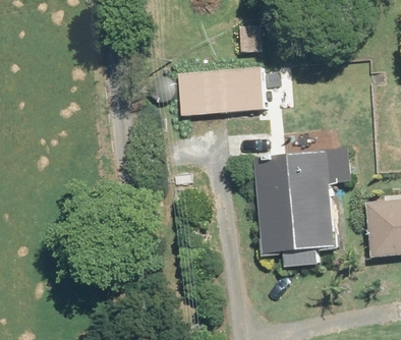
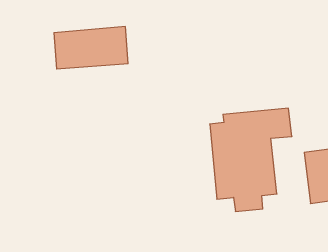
building: [178,66,264,115] -> [54,27,128,69]

